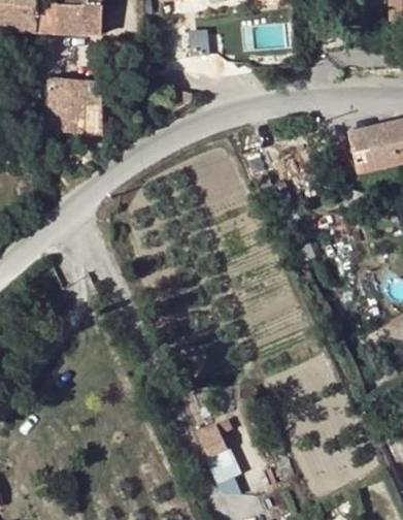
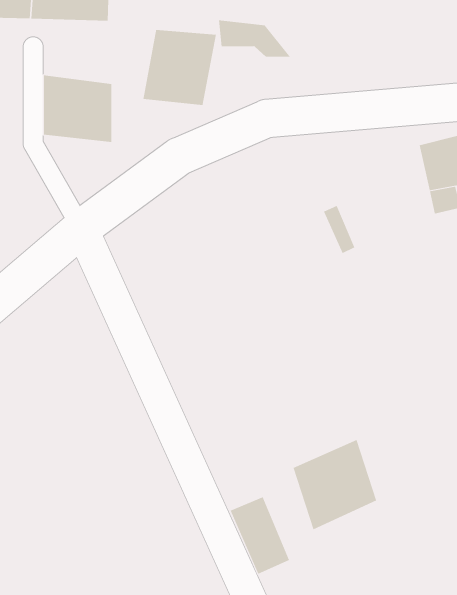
building: none -> [143,29,216,106]
building: none -> [293,439,377,530]

